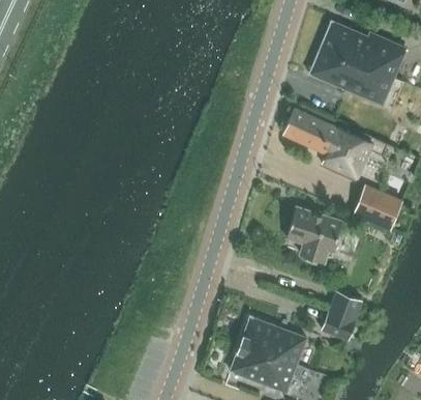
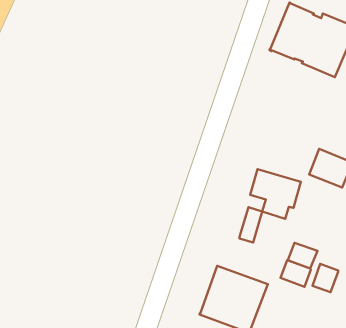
building: [283,110,372,180] -> none
building: none -> [239,207,262,243]
building: none -> [313,264,338,292]

